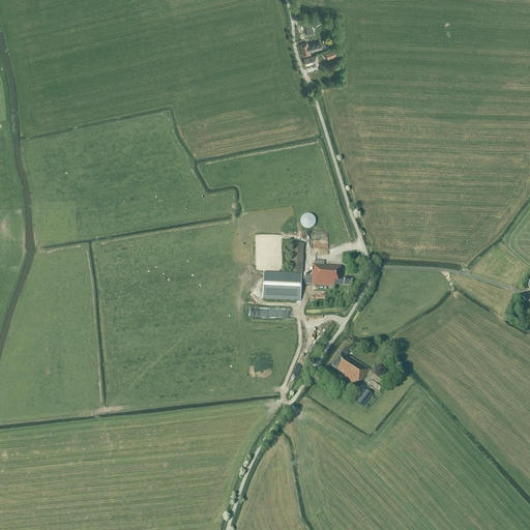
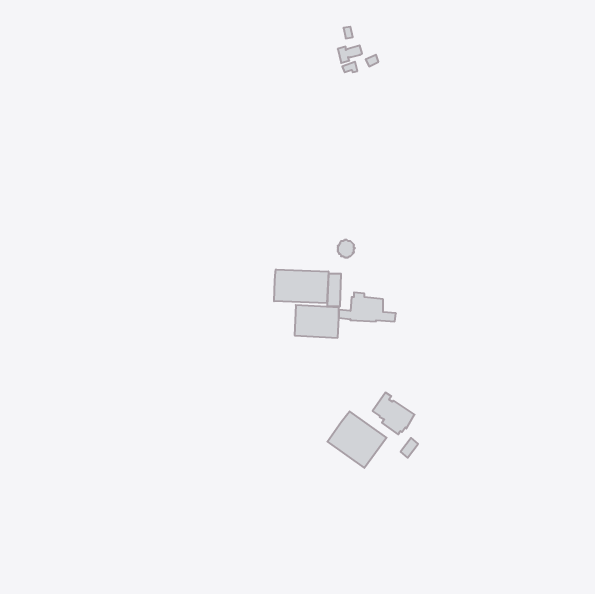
building: none -> [274,269,328,303]
building: none -> [327,411,387,468]

